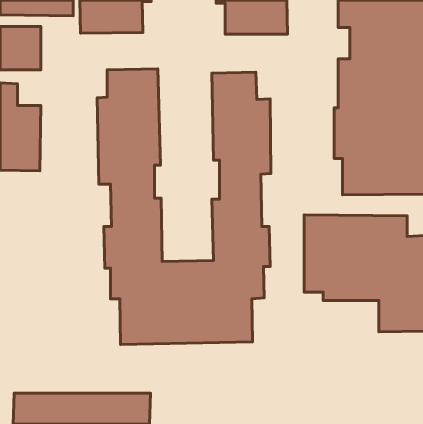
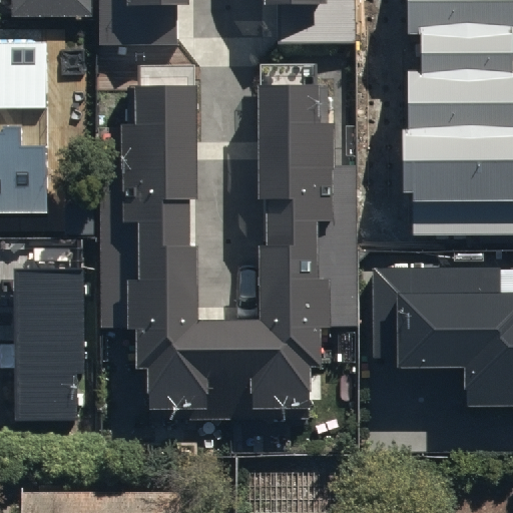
building: none -> [20,279,91,428]

